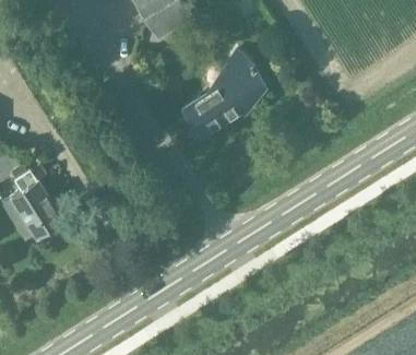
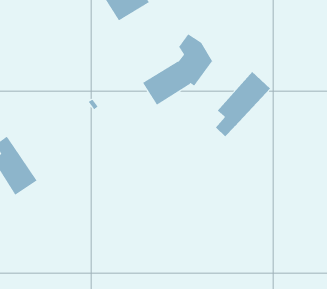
building: none -> [215,71,271,137]

